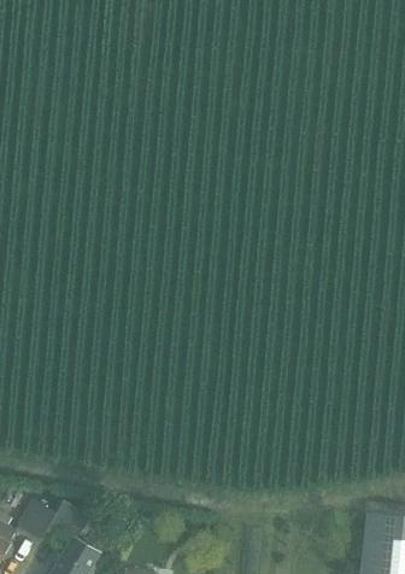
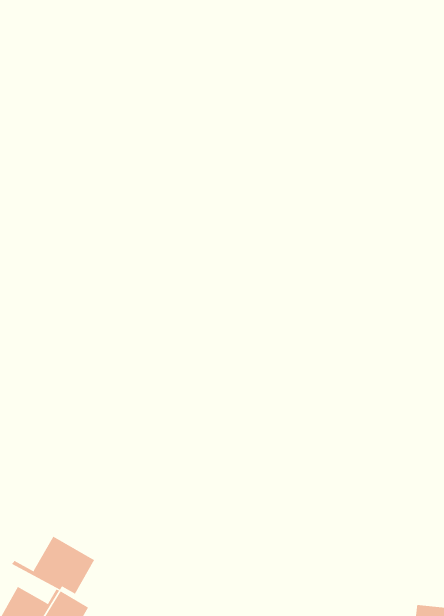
building: none -> [11,536,95,595]

